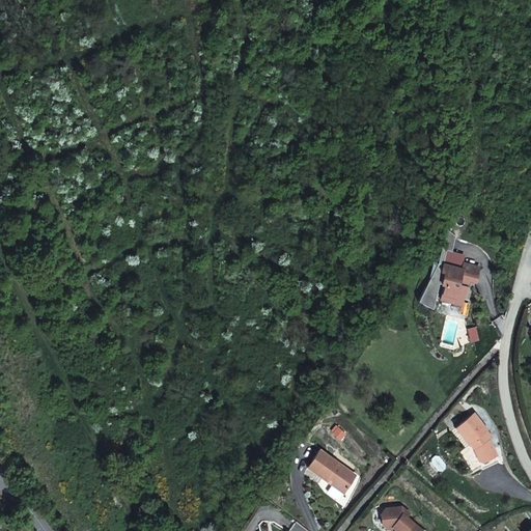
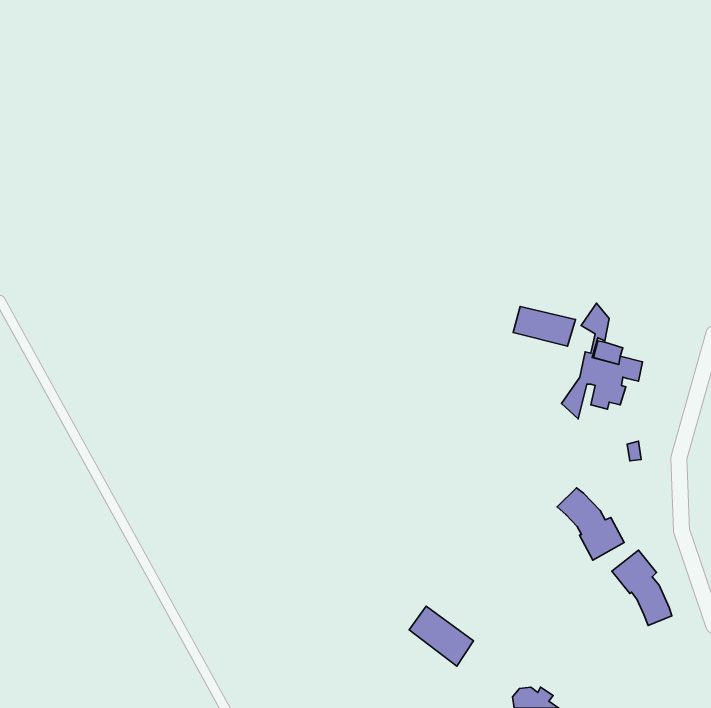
building: none -> [513,307,576,346]
building: none -> [557,488,624,560]

